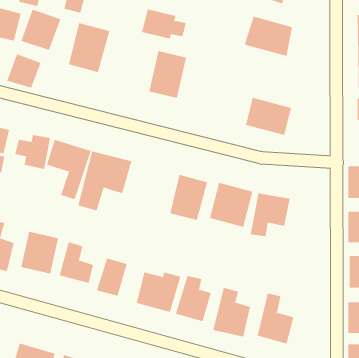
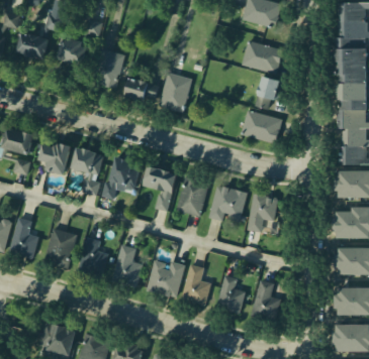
building: [141,9,187,39] -> [117,75,157,101]
building: [6,54,41,89] -> none
building: none -> [256,75,280,99]
building: none -> [142,165,182,214]

